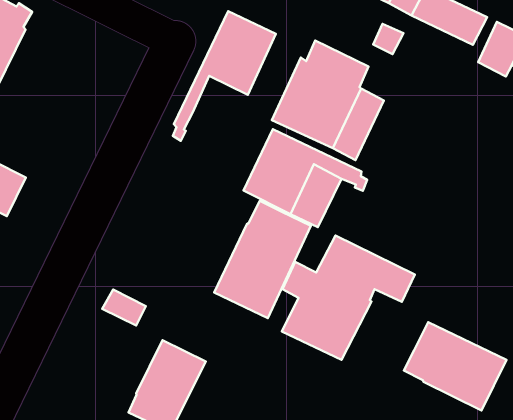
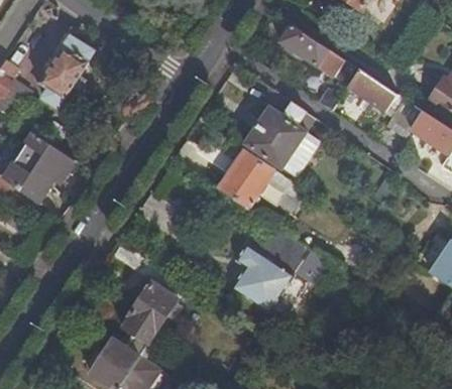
building: [173,11,276,141] -> none
building: [214,201,311,318] -> none
building: [404,322,507,410] -> none

